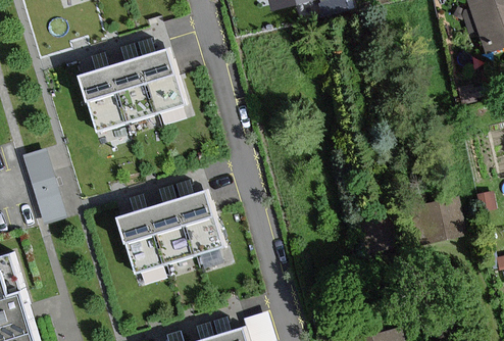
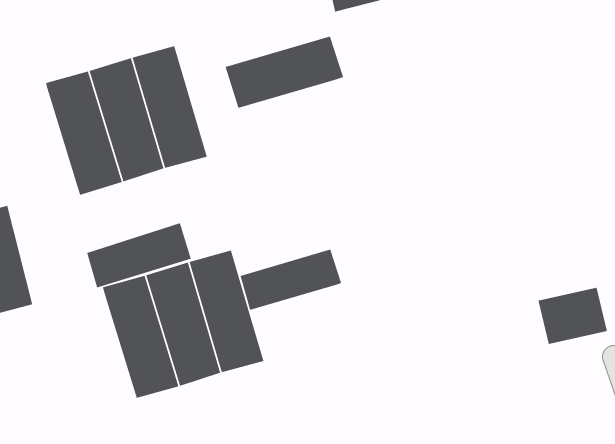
building: none -> [224,35,344,109]
building: none -> [86,222,192,288]
building: none -> [239,249,342,311]

